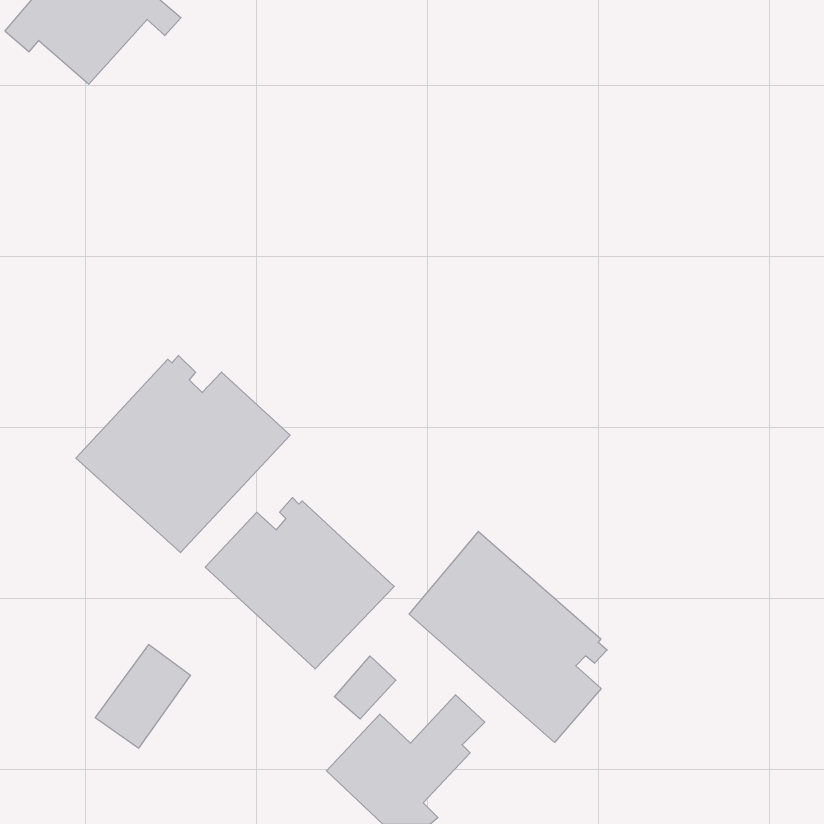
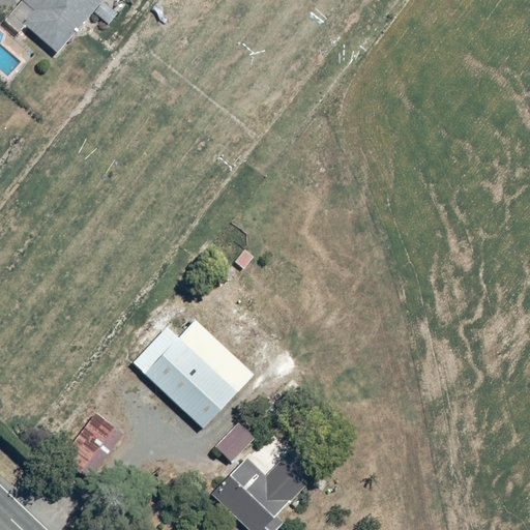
building: [76,356,290,553] -> none
building: [409,531,607,742] -> none

